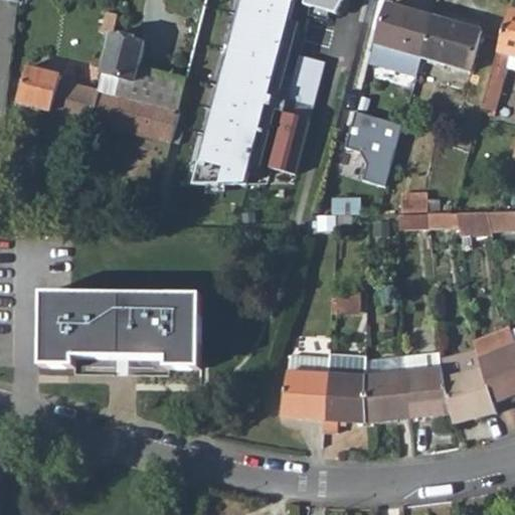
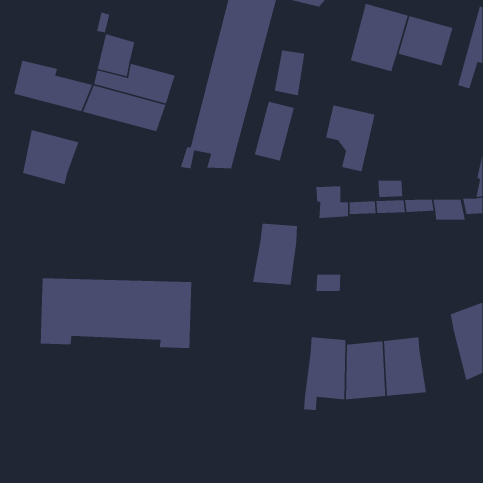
building: none -> [22,129,80,185]
building: [444,347,496,424] -> none
building: [281,353,329,419] -> [252,223,298,285]

